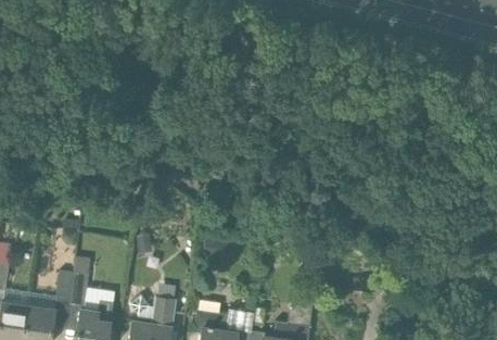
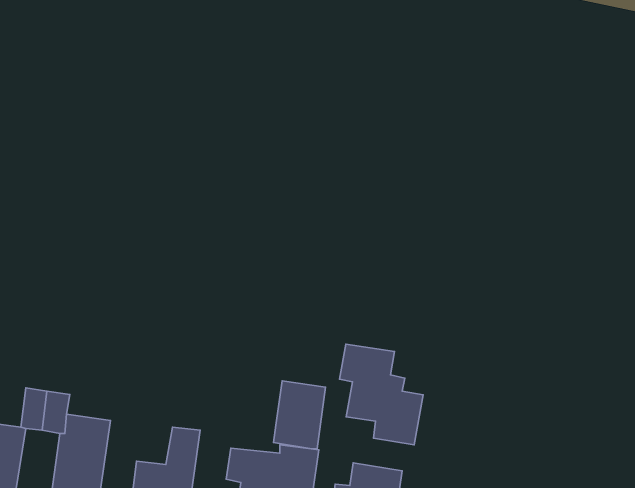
building: none -> [340,344,423,445]
building: none -> [274,381,326,449]

